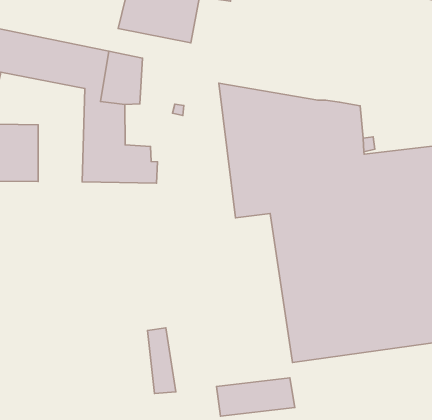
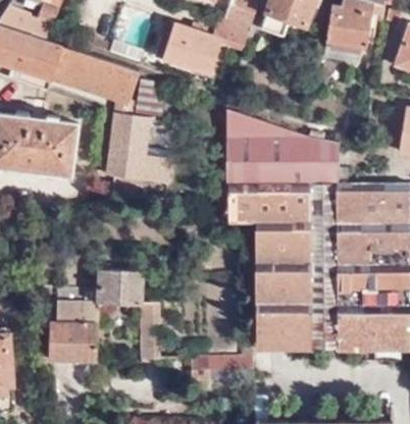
building: none -> [48,271,142,363]

